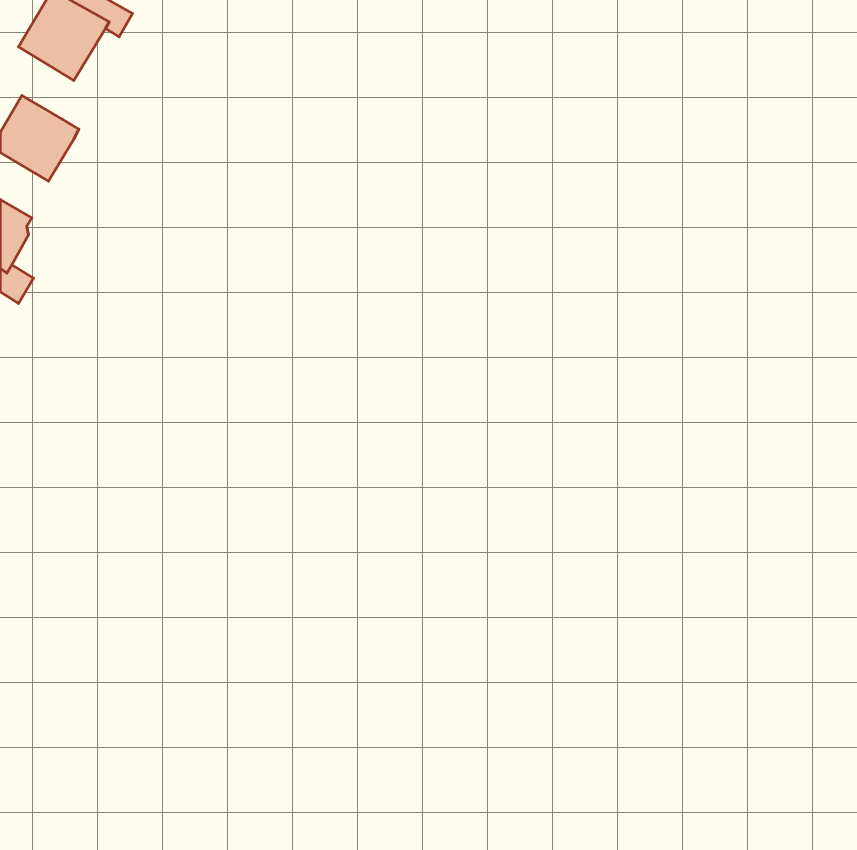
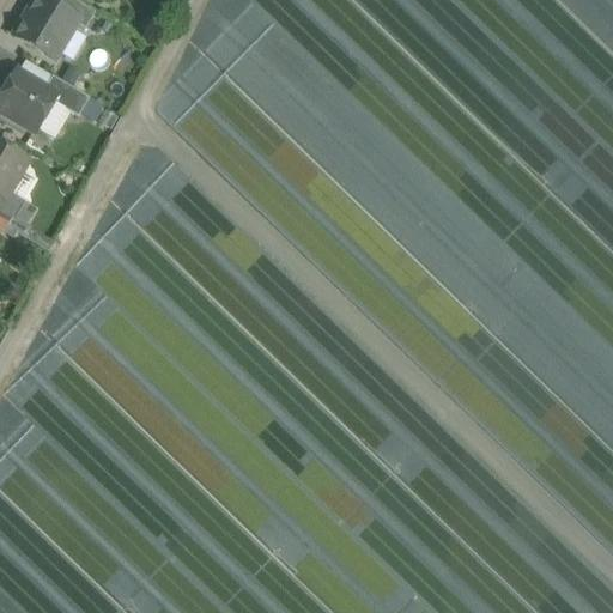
building: none -> [44,73,89,115]

